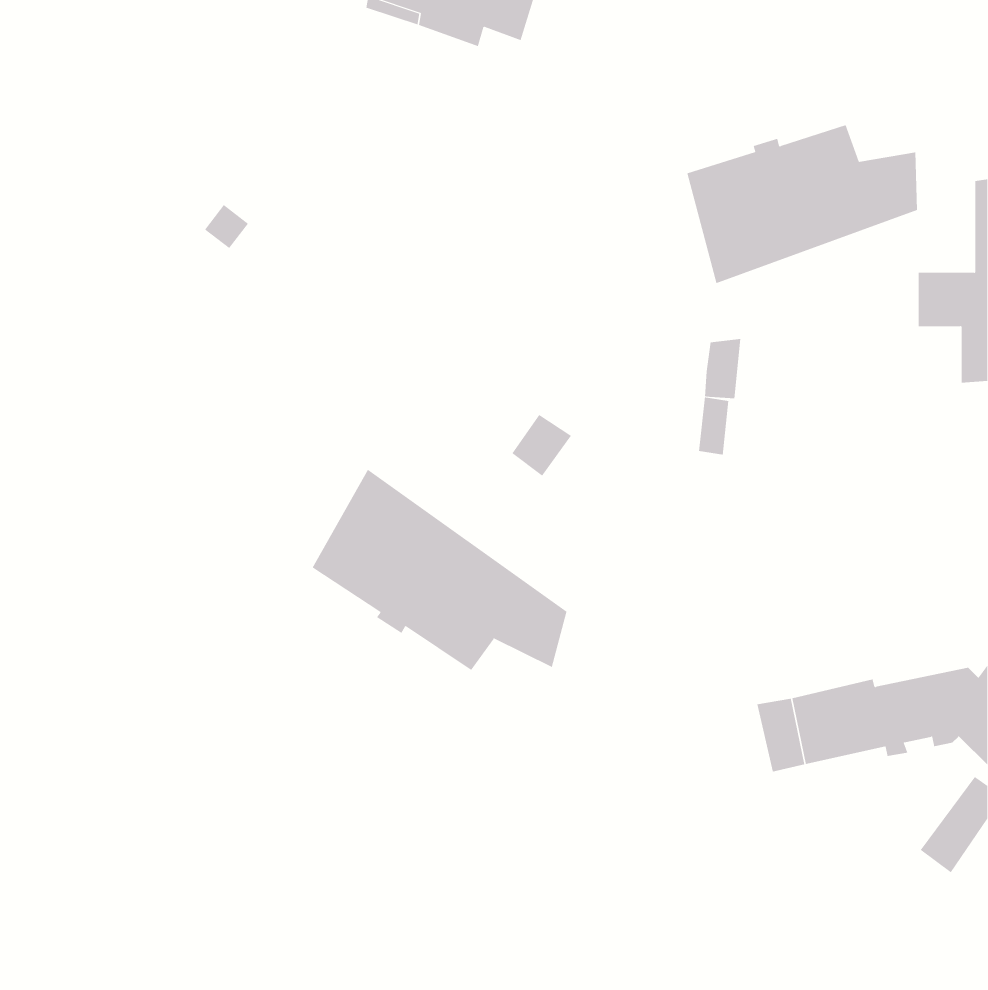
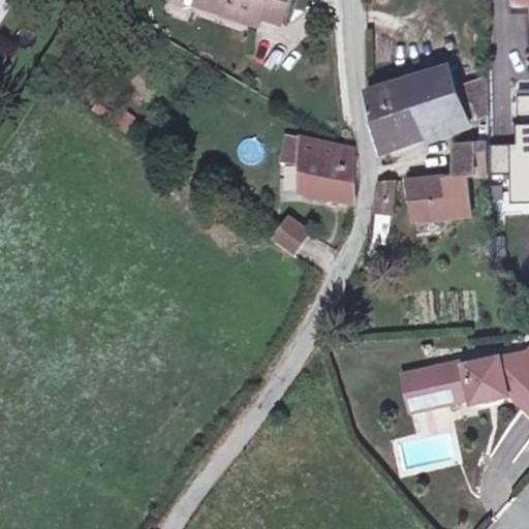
building: none -> [282,138,351,203]
building: none -> [410,143,488,219]
building: [312,469,567,671] -> none

